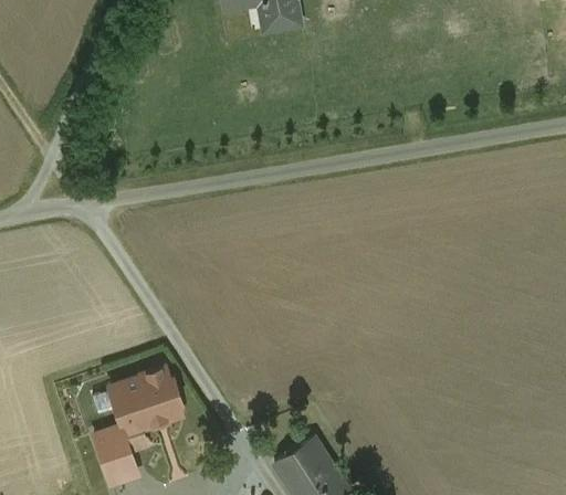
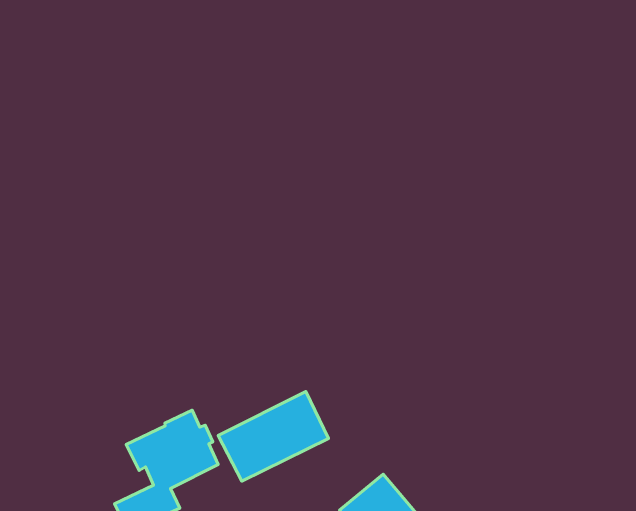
building: none -> [218,391,328,481]

